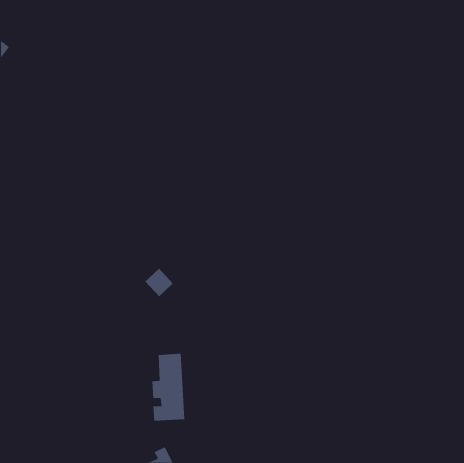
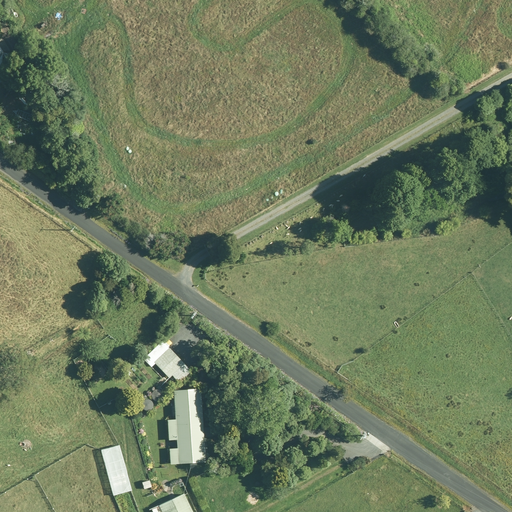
building: [144,268,174,297] -> [153,347,185,379]
building: none -> [101,446,129,495]

